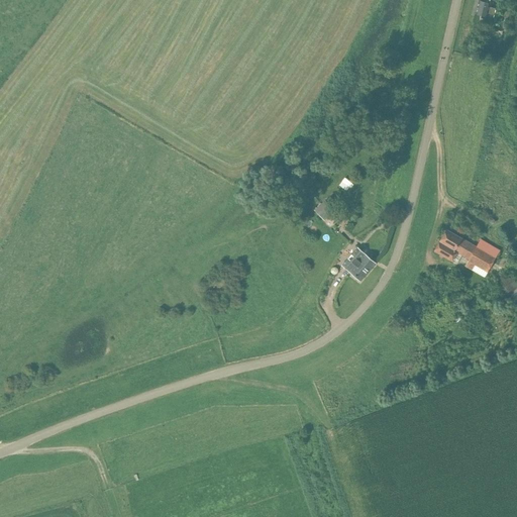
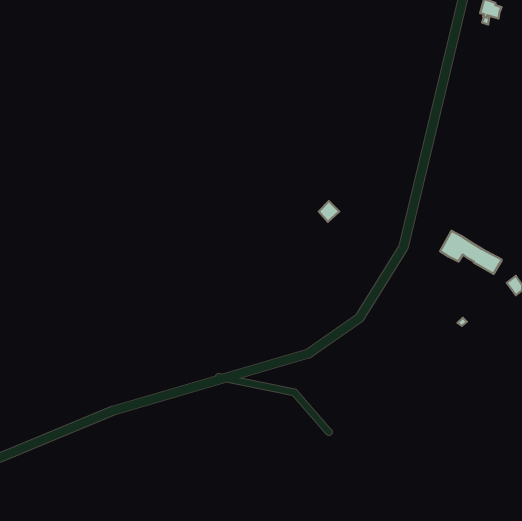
building: [342,243,376,280] -> none

